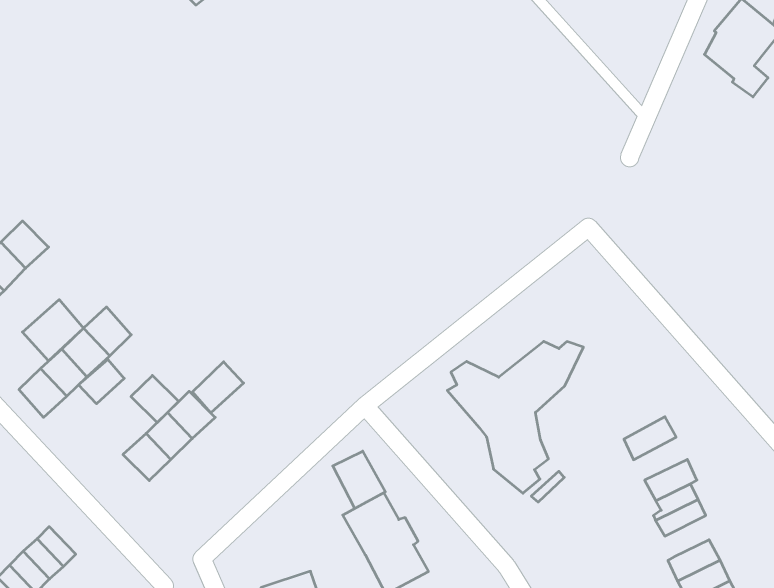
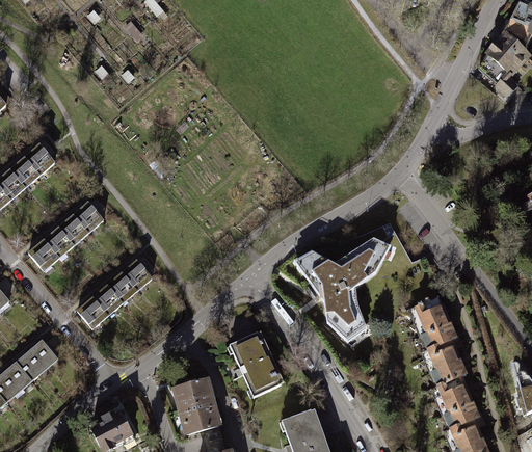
building: [22,300,83,361] -> none
building: [79,360,124,404] -> none
building: [193,362,244,413] -> none
building: [131,375,179,423] -> [78,297,108,327]
building: none -> [417,310,451,336]
building: [333,451,385,508] -> none
building: none -> [433,361,467,385]

